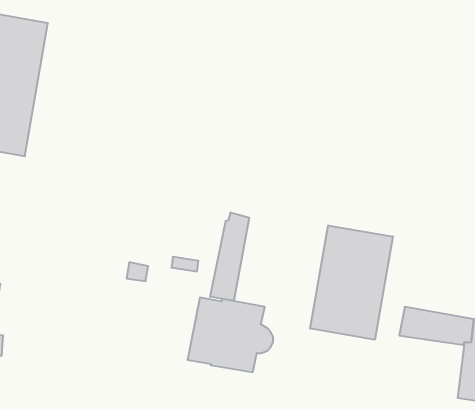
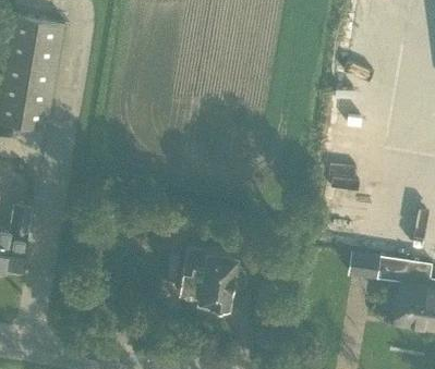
building: [210,212,249,301] -> none
building: [310,225,393,340] -> none

